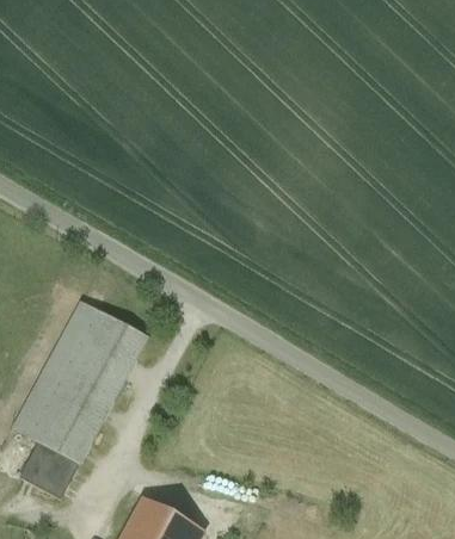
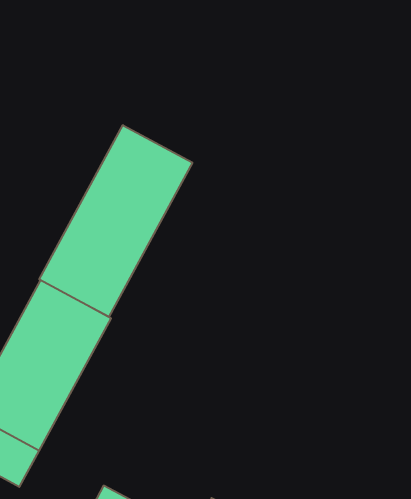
building: none -> [39,125,192,317]

